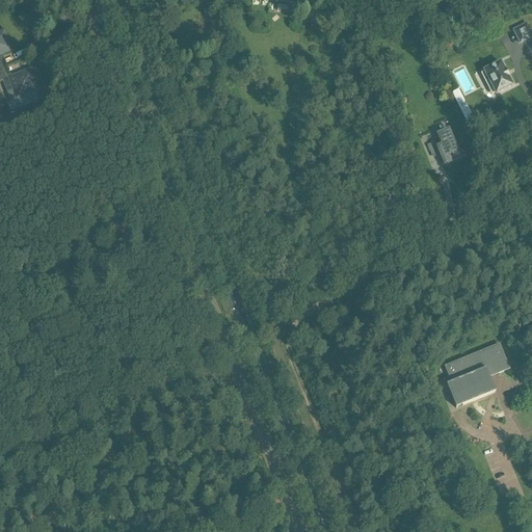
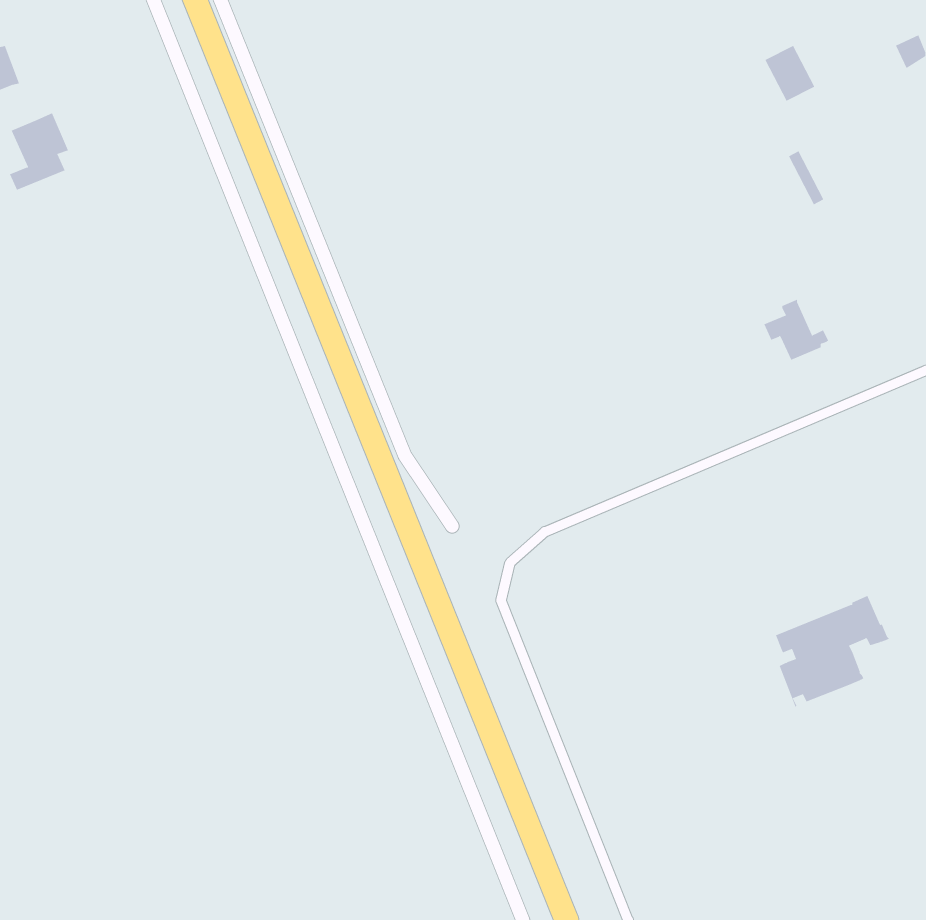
building: [482,58,511,90] -> [764,45,815,102]
building: [427,128,464,163] -> [763,299,829,360]

